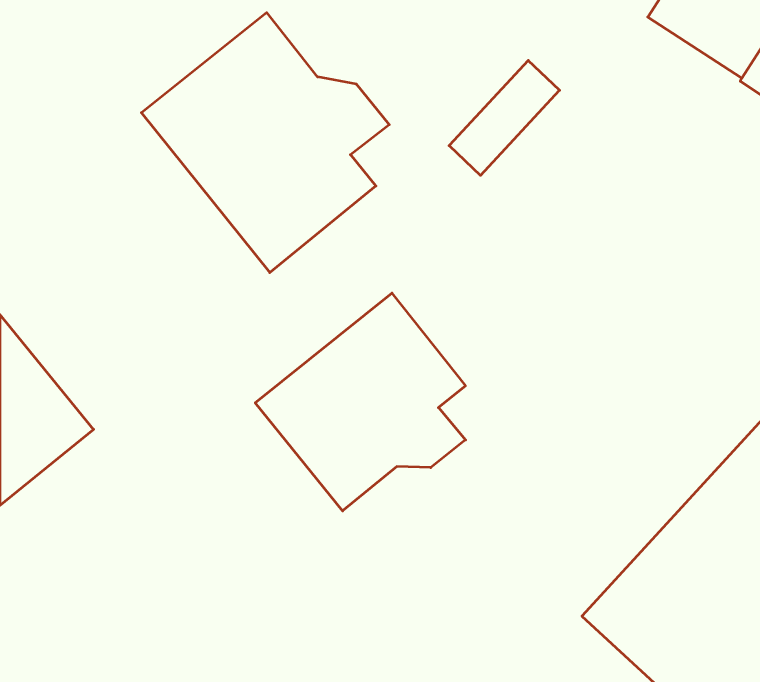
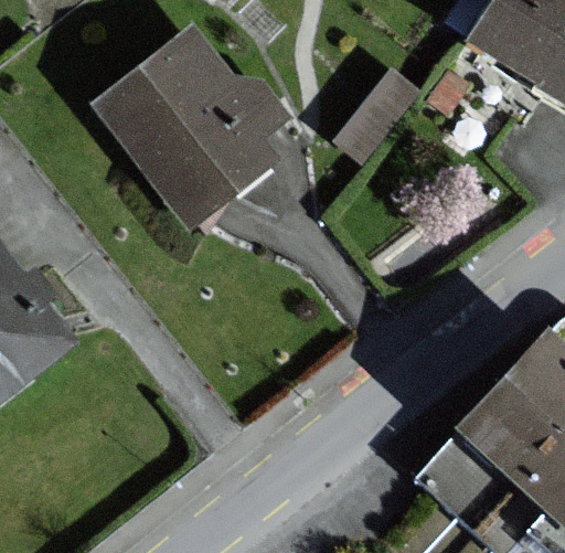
building: [255,293,466,511] -> none

